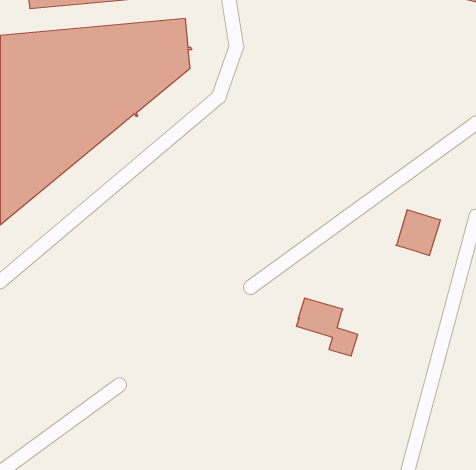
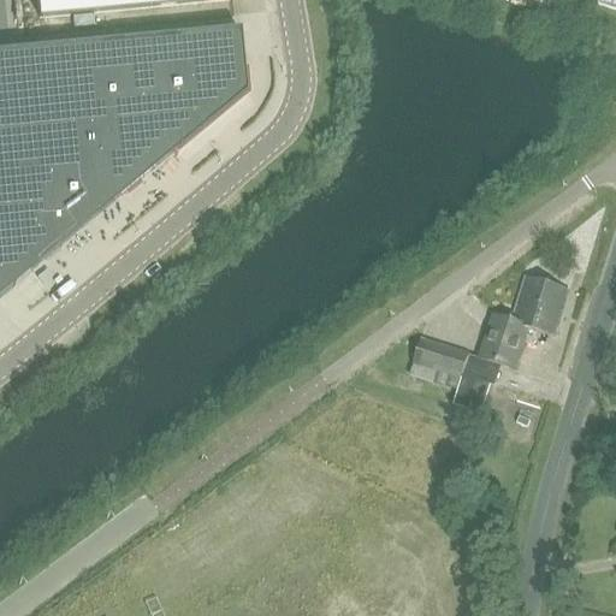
building: none -> [480,309,528,362]
building: [296,298,358,356] -> [410,332,490,407]

